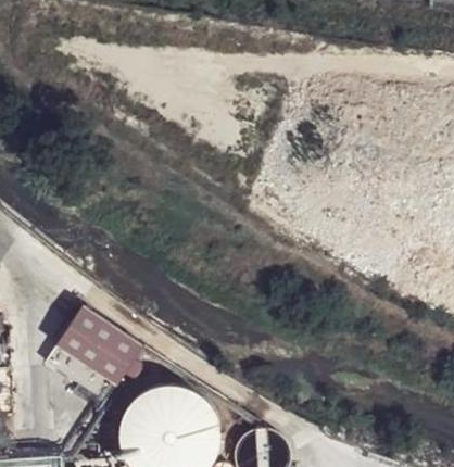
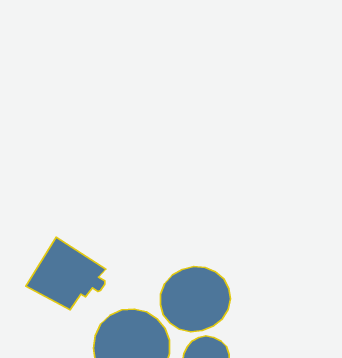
building: none -> [160,267,231,332]

